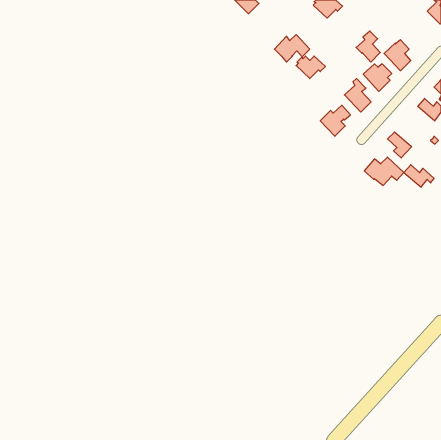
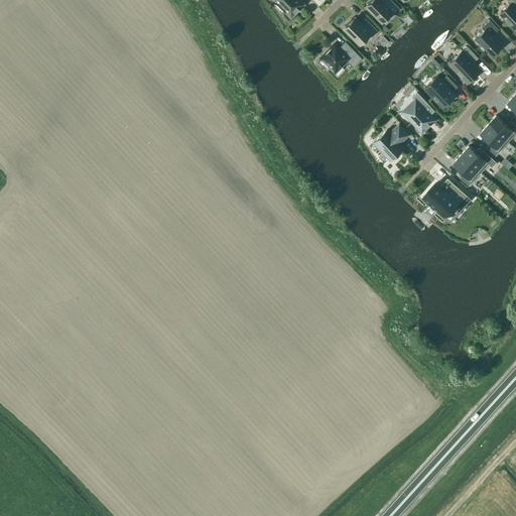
building: [356,31,380,62] -> [474,20,502,56]
building: [296,56,325,79] -> [344,18,378,44]
building: none -> [480,125,508,155]
building: [404,165,434,187] -> [461,146,496,172]

